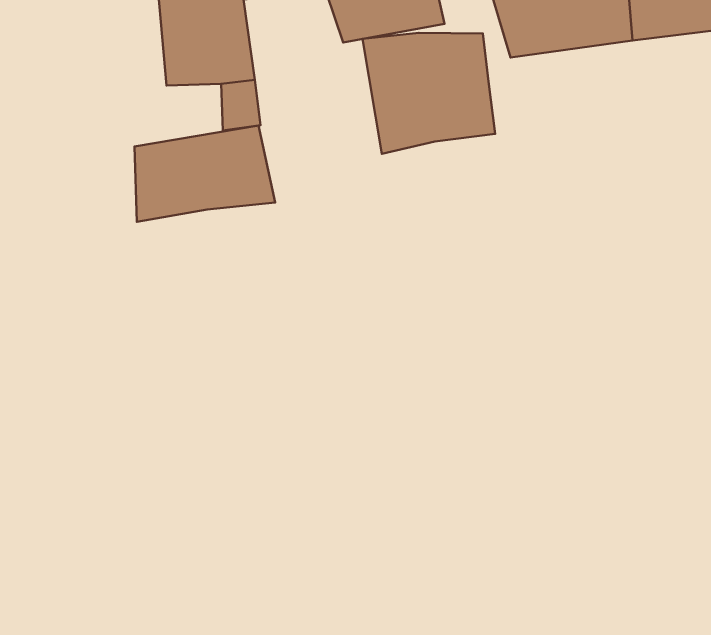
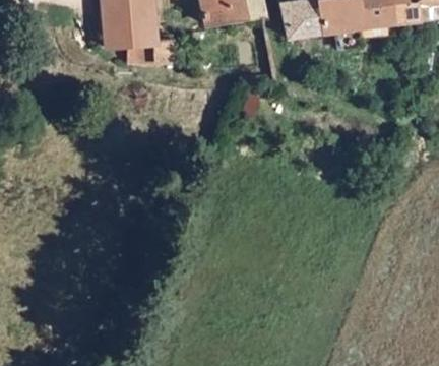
building: [363,33,495,154] -> none
building: [135,125,275,222] -> none

